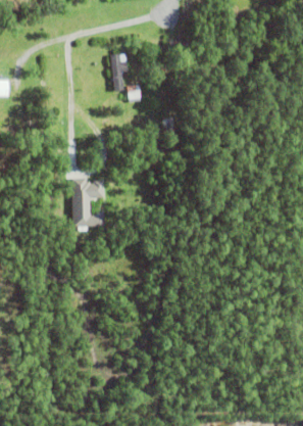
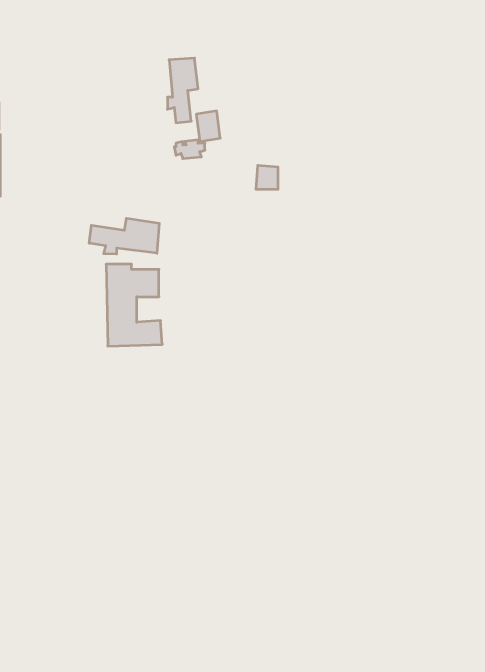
building: none -> [89,218,159,254]

